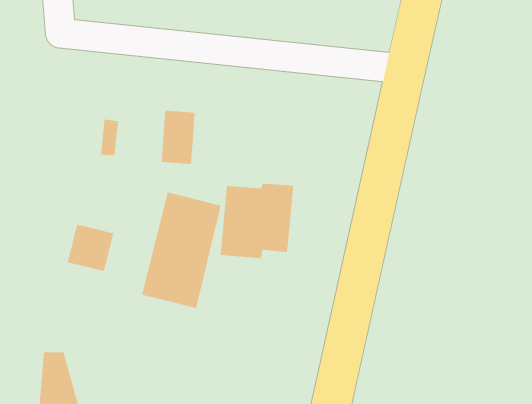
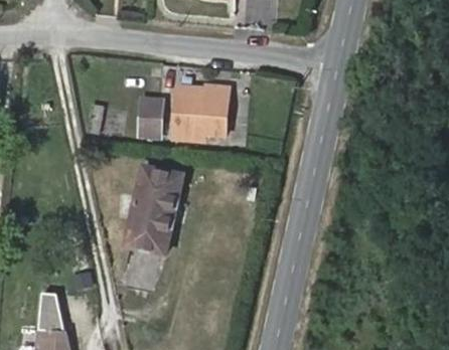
building: [220,183,294,259] -> [169,83,230,145]
building: [67,224,114,272] -> none

